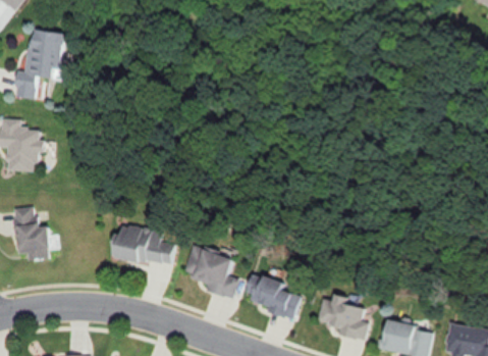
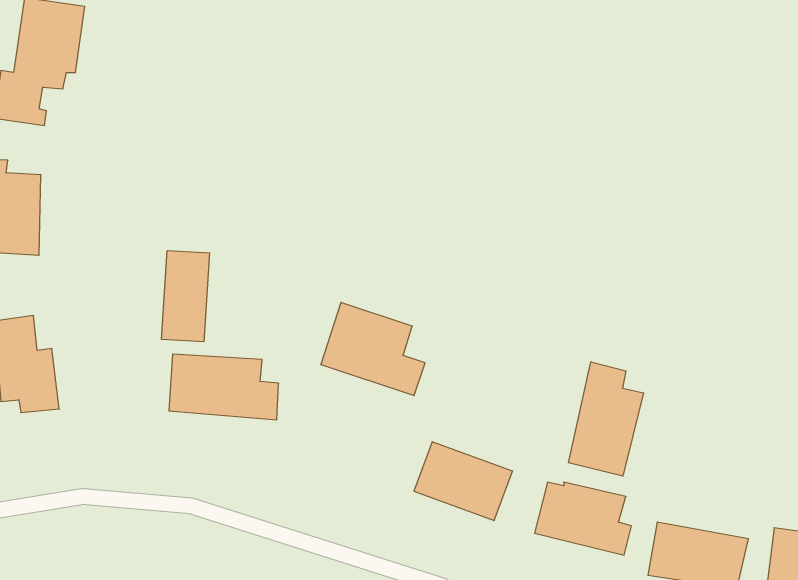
building: none -> [162,251,210,342]
building: none -> [568,362,644,476]
building: [181,245,239,297] -> [321,302,425,396]

